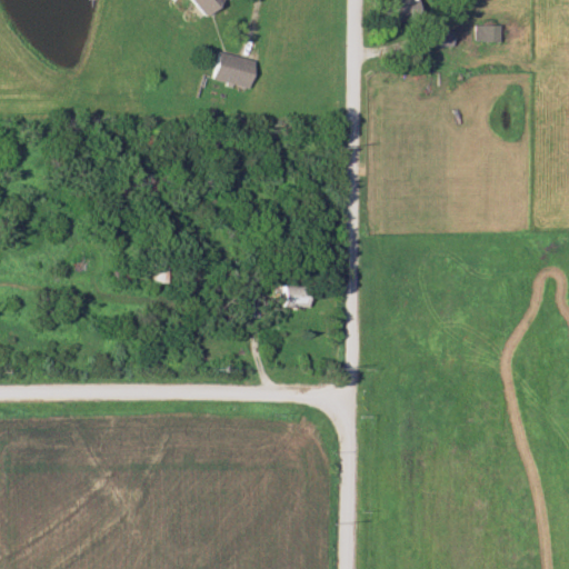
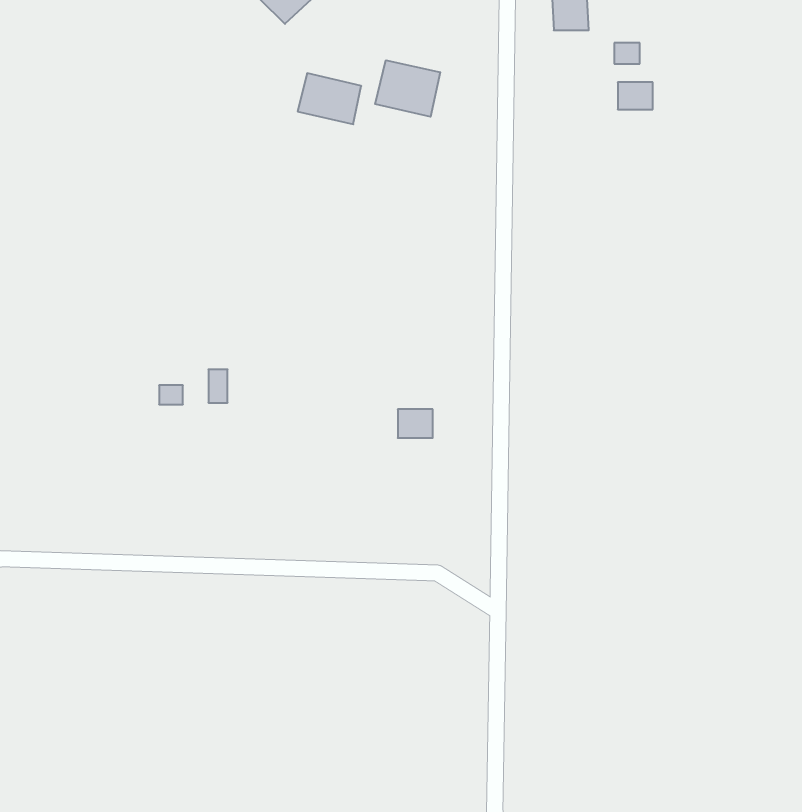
building: [477,23,501,42] -> [618,82,653,109]
building: none -> [375,60,440,117]

